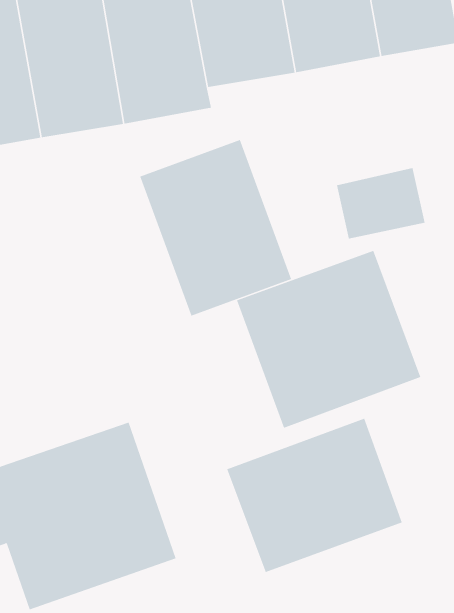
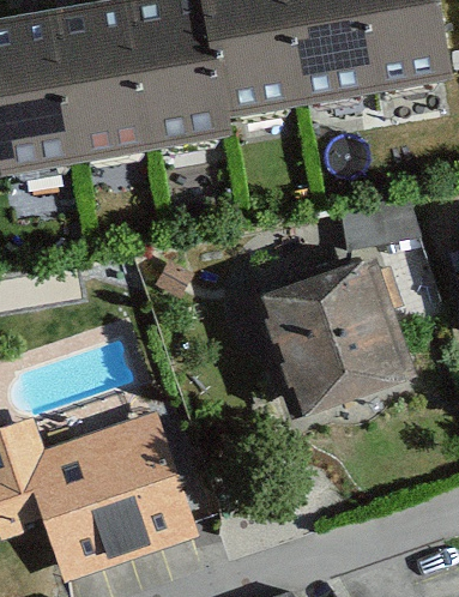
building: [139,139,292,317] -> none
building: [226,418,403,573] -> none

